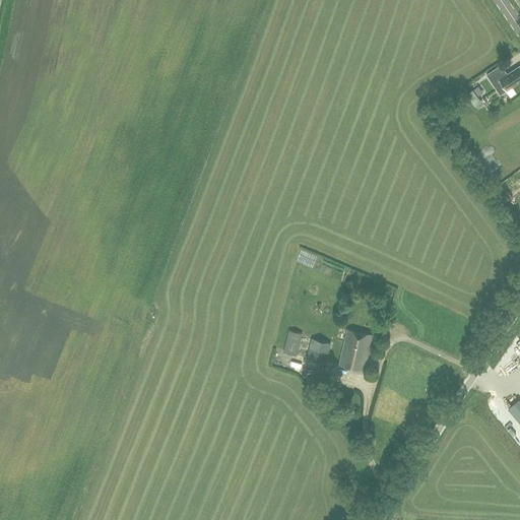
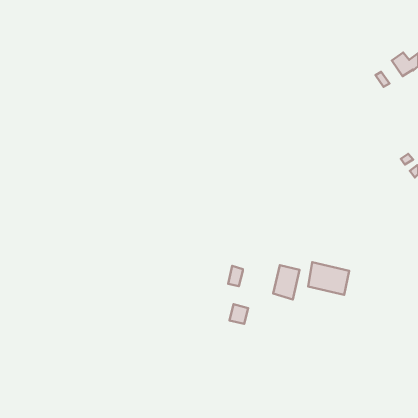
building: none -> [308,262,349,295]
building: [307,338,330,363] -> [229,304,248,324]

